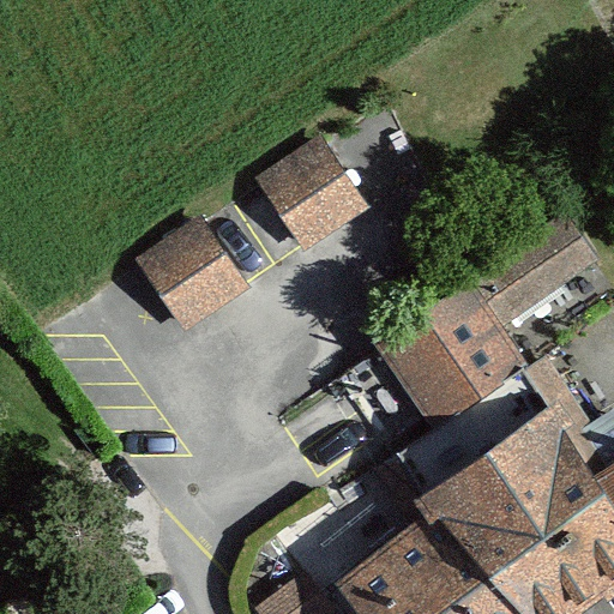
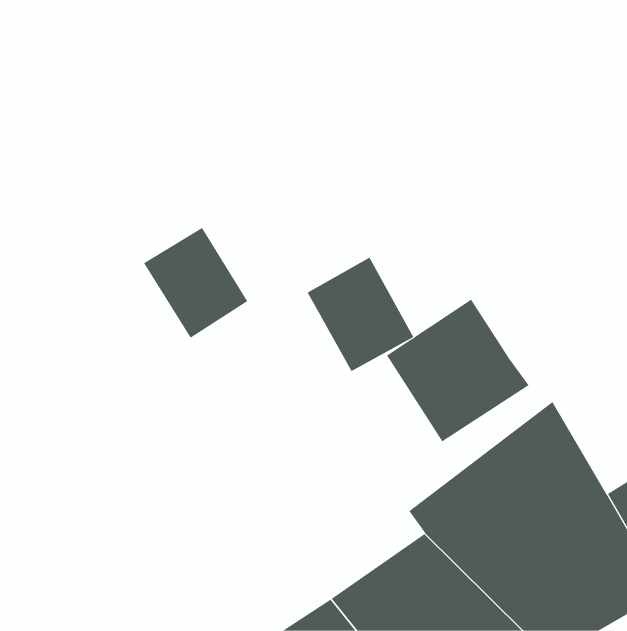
building: [269,144,373,255] -> [307,257,414,372]
building: [462,222,606,348] -> none

